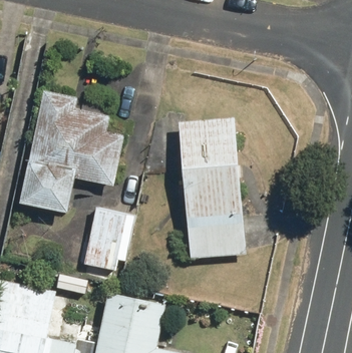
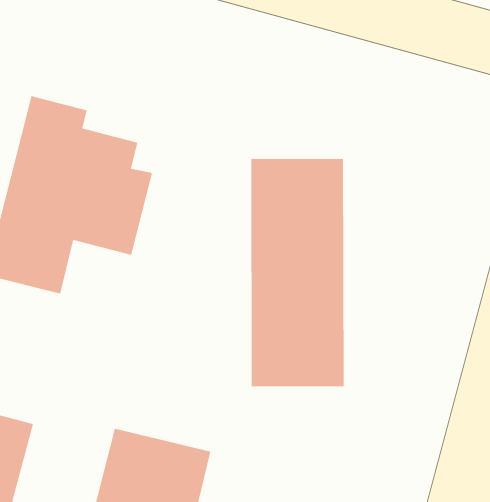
building: [83,207,136,271] -> none

